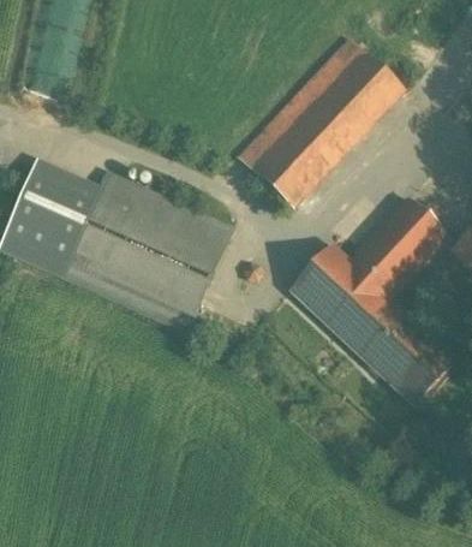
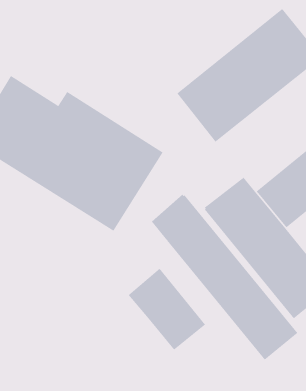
building: none -> [151,194,298,360]
building: none -> [128,268,206,351]

